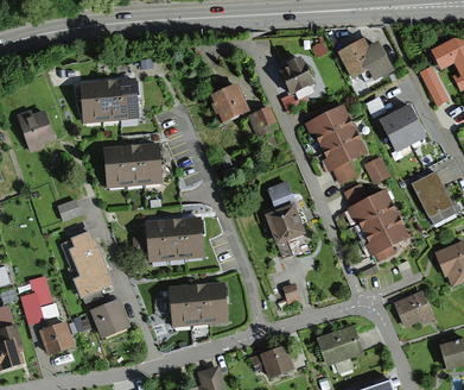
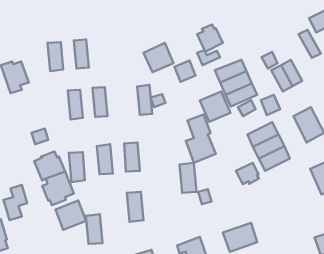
building: [339,34,395,78] -> none
building: [97,81,119,120] -> none
building: [123,145,144,185] -> [137,85,152,115]
building: none -> [200,91,230,122]
building: [164,220,185,260] -> [69,152,85,182]
building: none -> [236,163,259,184]
building: [205,283,228,323] -> [180,163,196,193]
building: [167,287,190,327] -> [86,214,102,244]
building: [394,294,431,328] -> none
building: [40,320,75,354] -> none

